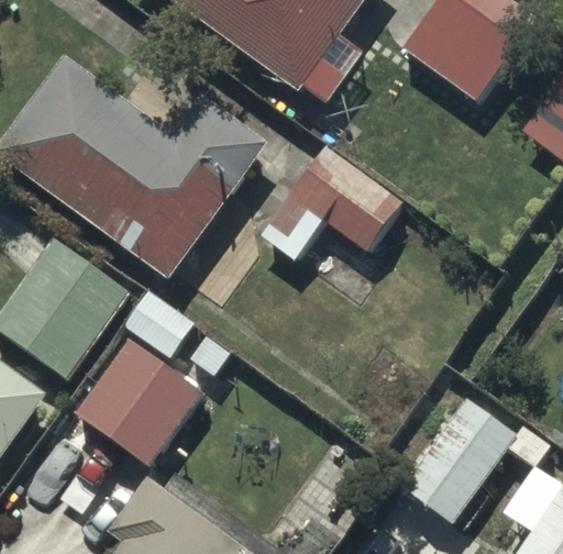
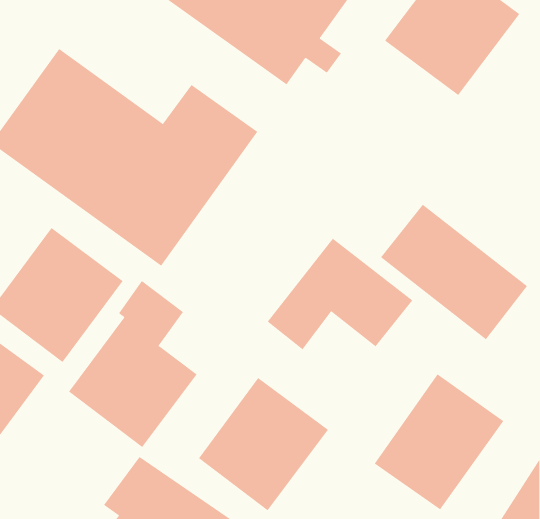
building: [257,143,409,259] -> [267,238,413,350]
building: none -> [380,204,528,340]
building: none -> [198,377,329,511]

